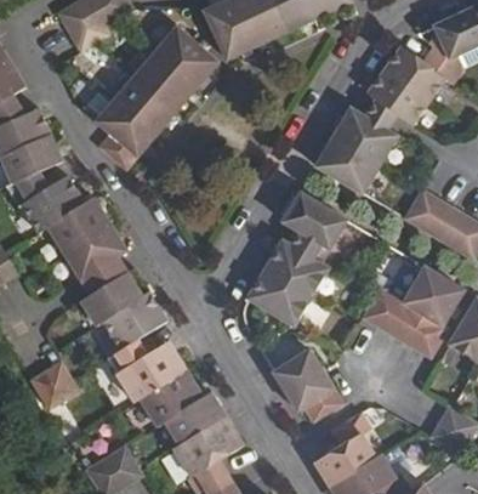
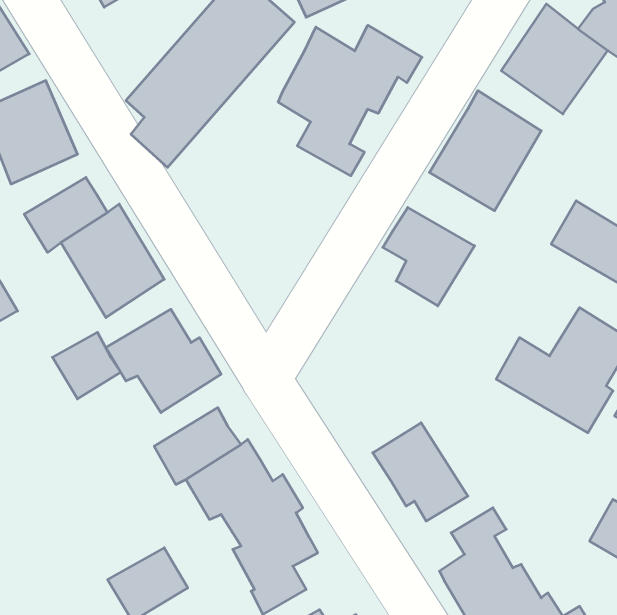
building: none -> [278,25,422,176]
building: [247,242,328,328] -> none
building: [25,357,75,405] -> [52,332,121,399]

